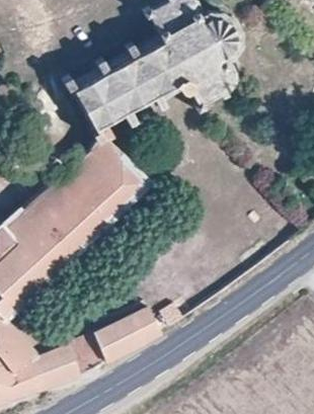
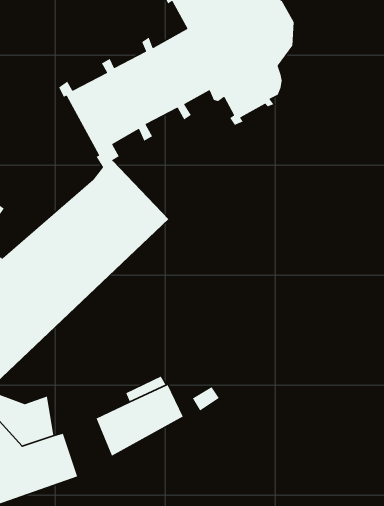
building: [67,334,103,379] -> none

